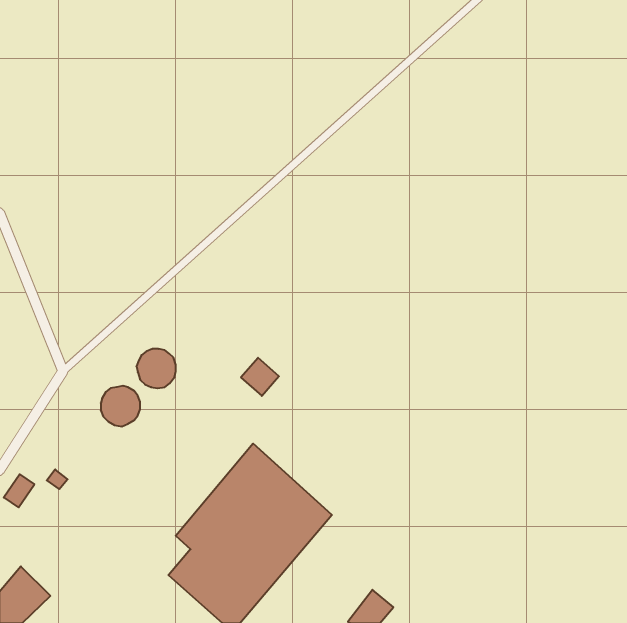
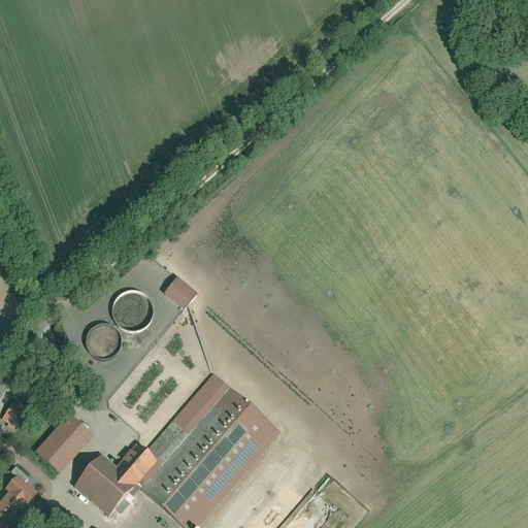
building: [241,358,279,396] -> [162,274,194,306]
building: none -> [41,418,96,471]
building: none -> [76,440,160,516]

